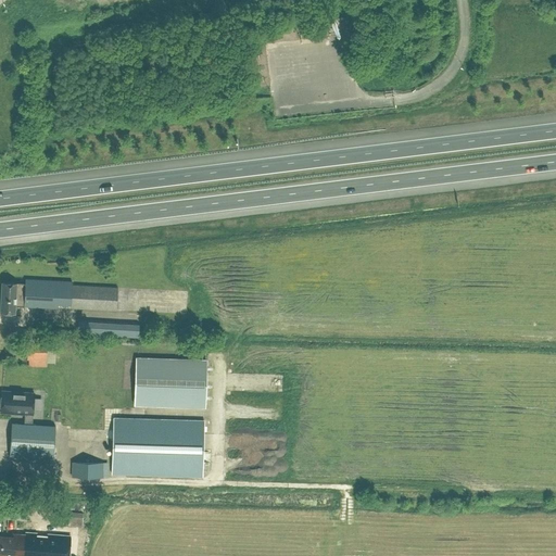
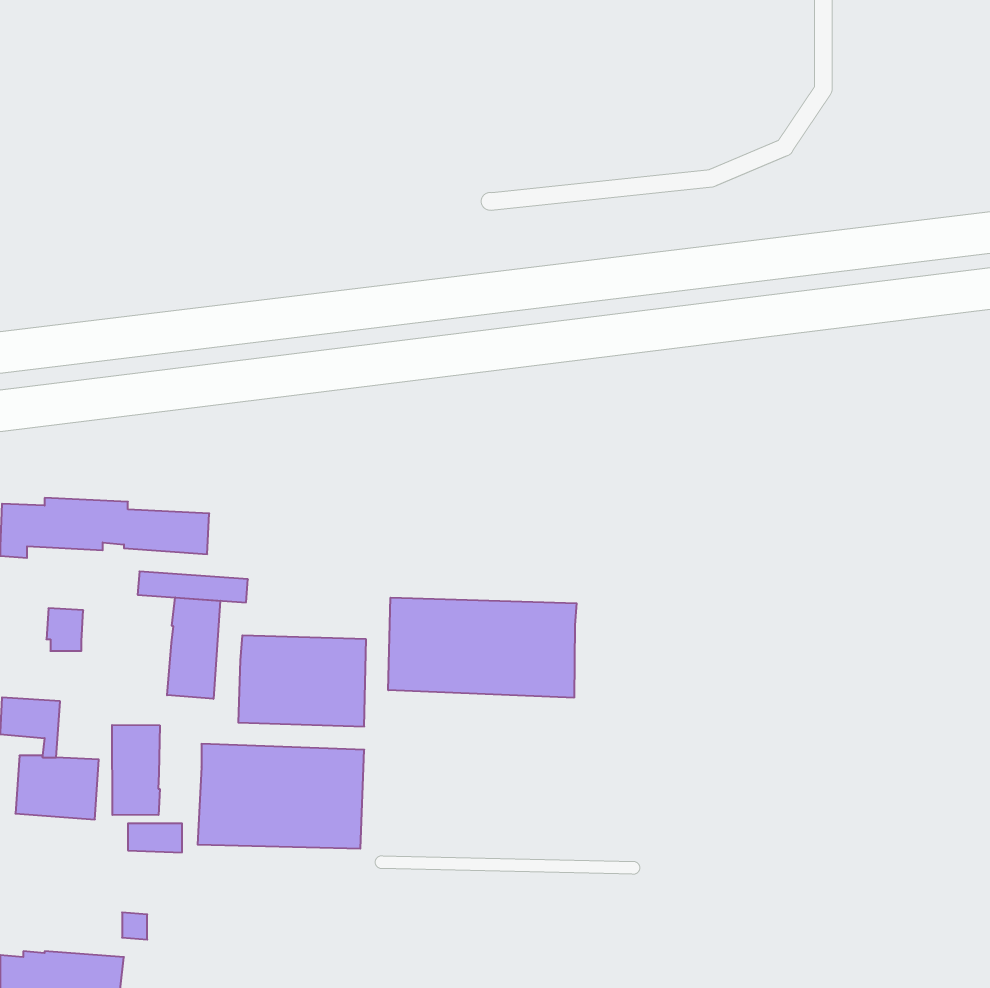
building: none -> [167,597,220,699]
building: none -> [388,598,577,698]
building: none -> [112,725,160,815]

